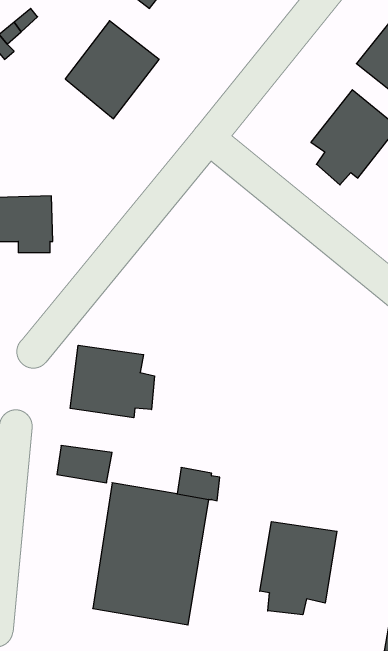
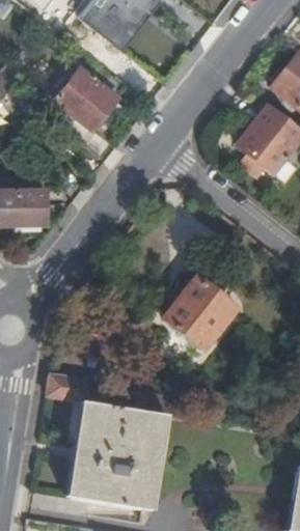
building: none -> [167,279,237,347]
building: [70,345,154,418] -> none
building: [260,522,337,615] -> none

